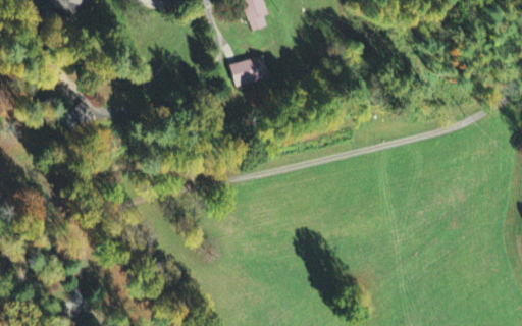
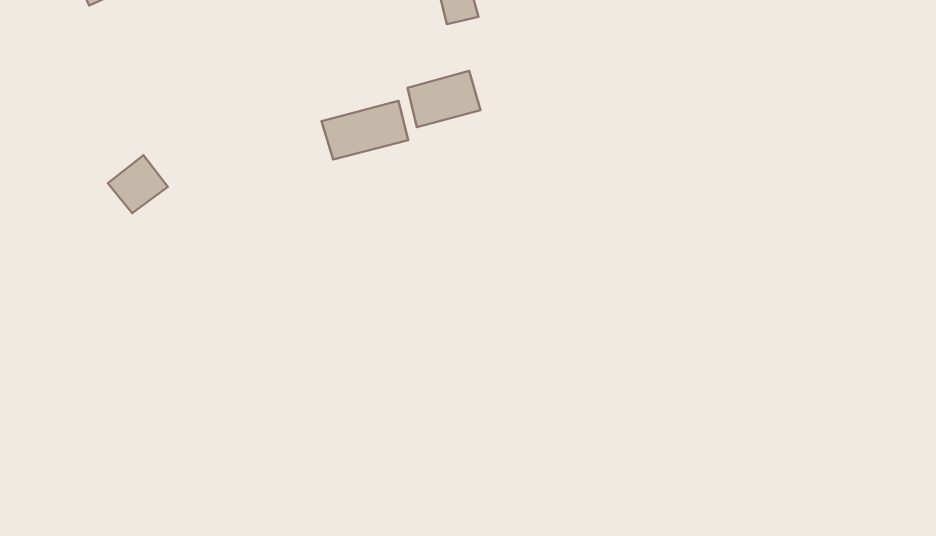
building: none -> [322,101,408,160]

